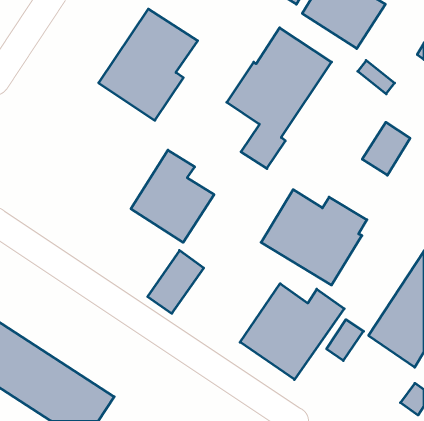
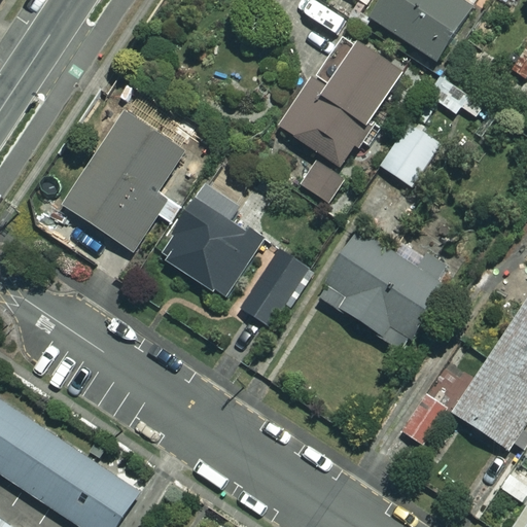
building: [99,9,198,120] -> [62,113,183,250]
building: [362,122,410,175] -> [382,120,441,185]
building: [148,250,204,313] -> [240,248,309,325]
building: [240,284,344,380] -> none

